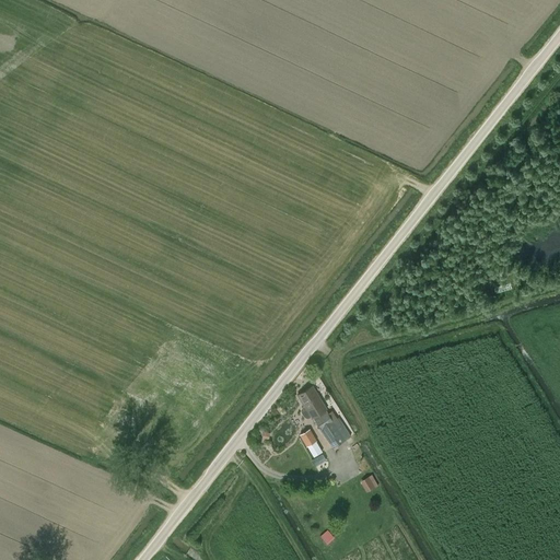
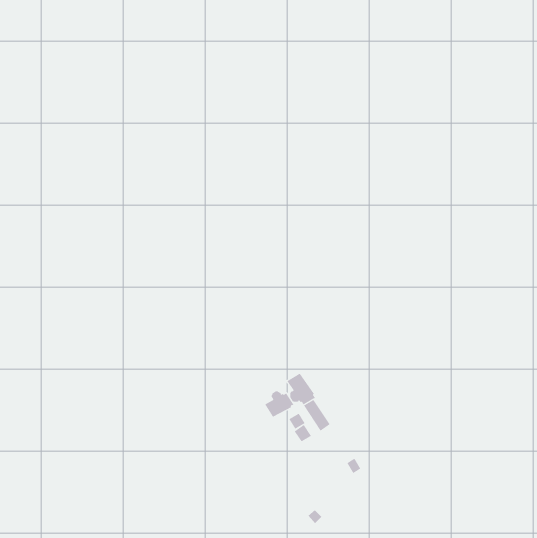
building: none -> [264,390,294,418]

